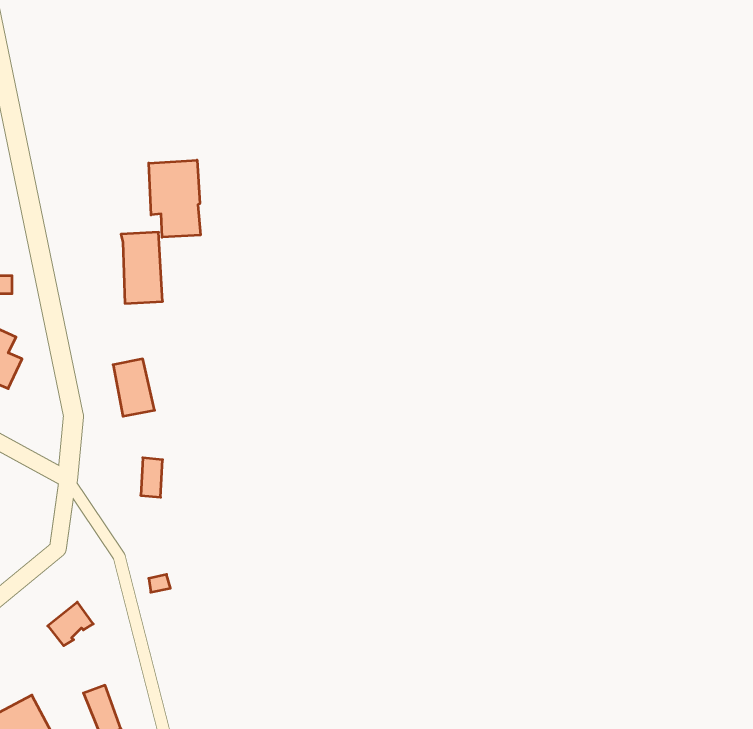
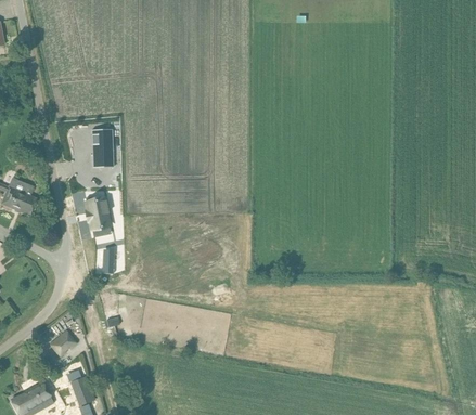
building: [149,160,200,237] -> none

